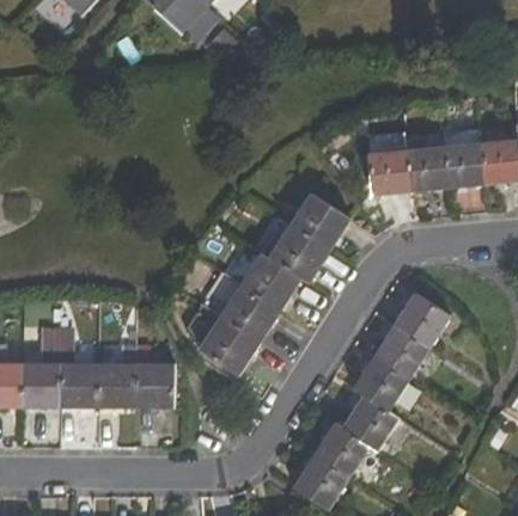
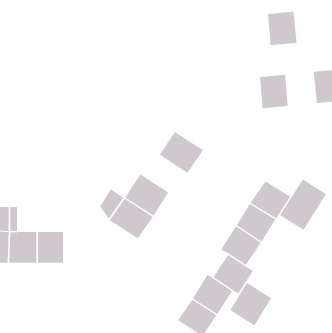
building: [444,141,486,189] -> [267,11,298,46]
building: [368,148,410,196] -> none
building: [290,192,349,250] -> none
building: [242,251,301,308] -> none
building: none -> [279,178,327,231]
building: [136,362,173,406] -> none
building: none -> [230,282,272,326]

